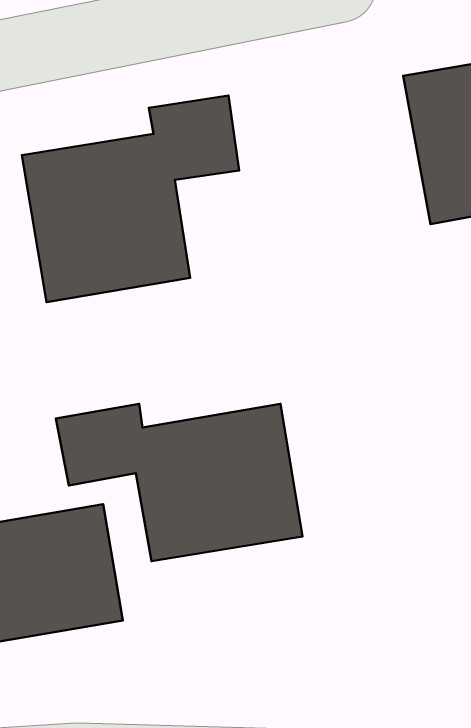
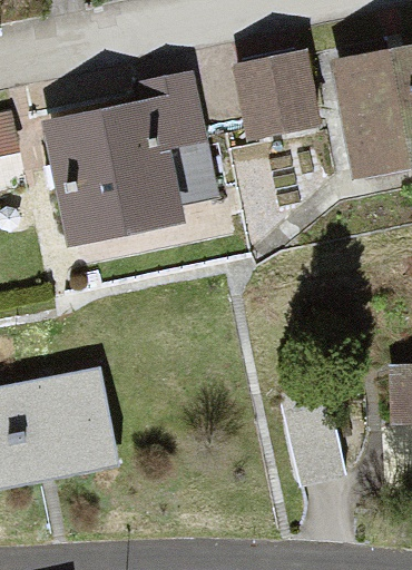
building: none -> [235,56,311,130]
building: [56,404,303,561] -> none

